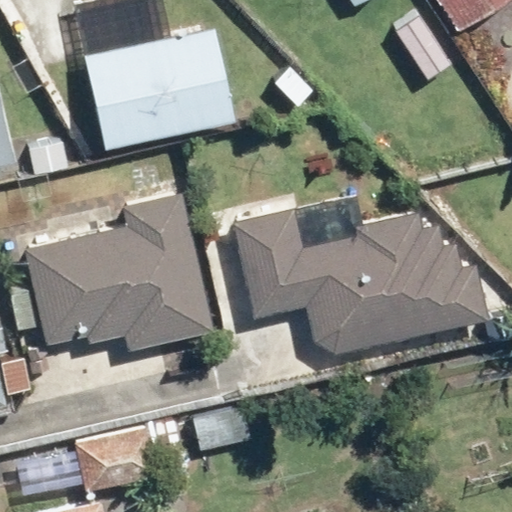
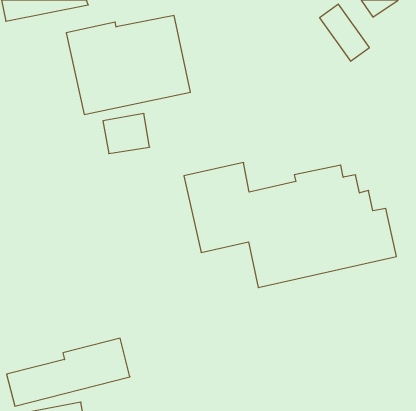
building: [26,194,215,354] -> none

